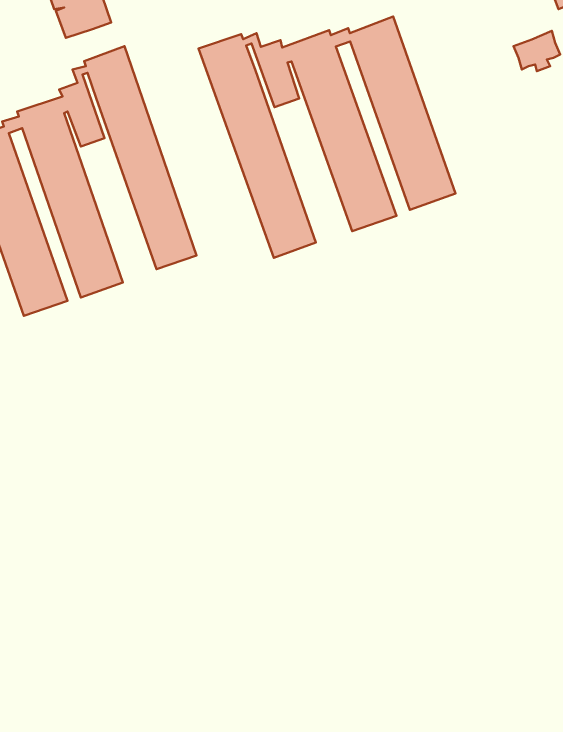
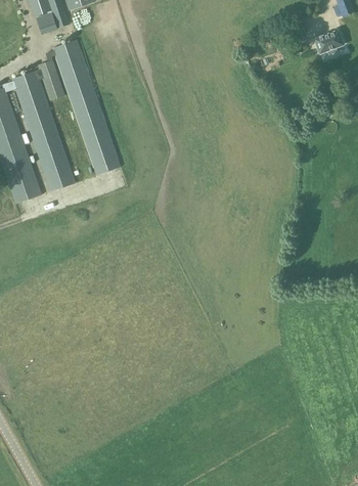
building: [198,17,456,258] -> none

